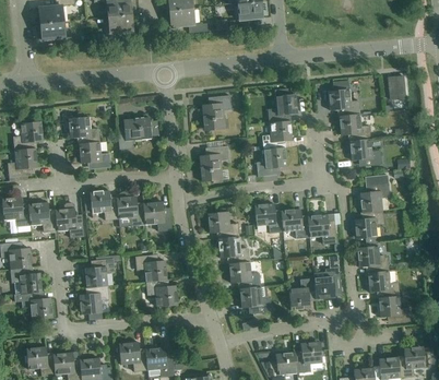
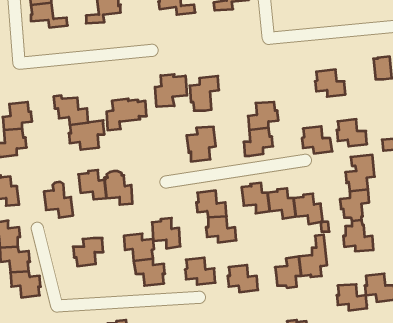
building: none -> [155,74,187,107]
building: [268,93,297,121] -> none
building: [340,112,370,140] -> [302,126,332,153]
building: [143,200,171,230] -> [152,218,180,248]
building: [27,201,57,231] -> none
building: [229,260,260,287] -> [185,258,215,285]
building: [368,270,399,296] -> [337,284,367,310]
building: [79,284,108,313] -> none

